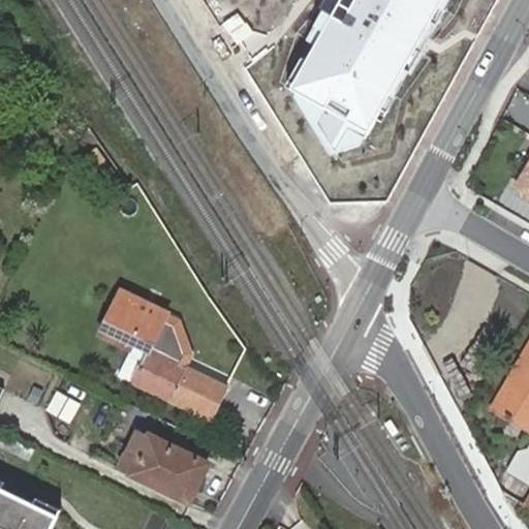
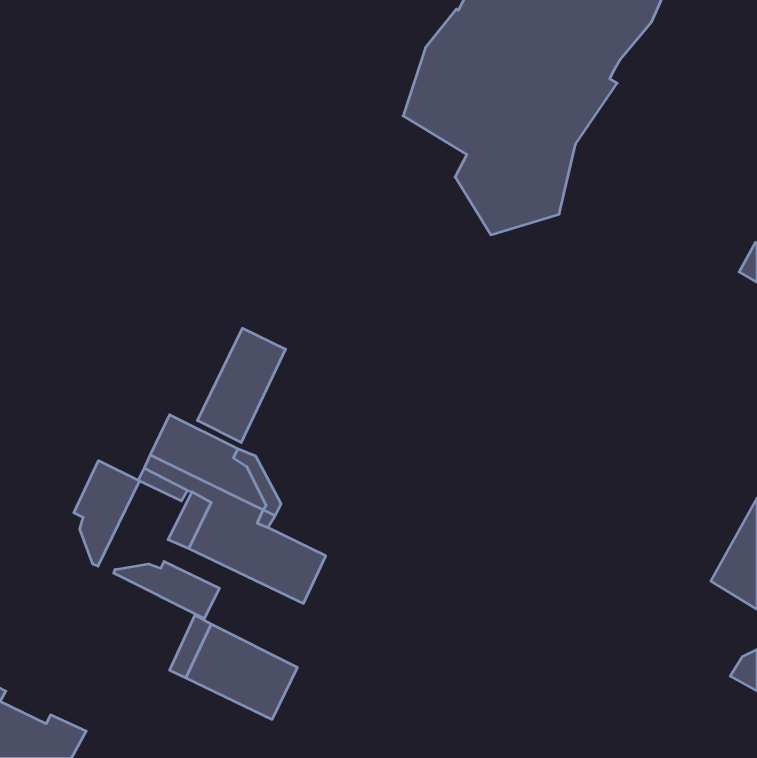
building: none -> [197,328,286,443]
building: none -> [74,461,140,566]
building: none -> [114,561,219,618]

